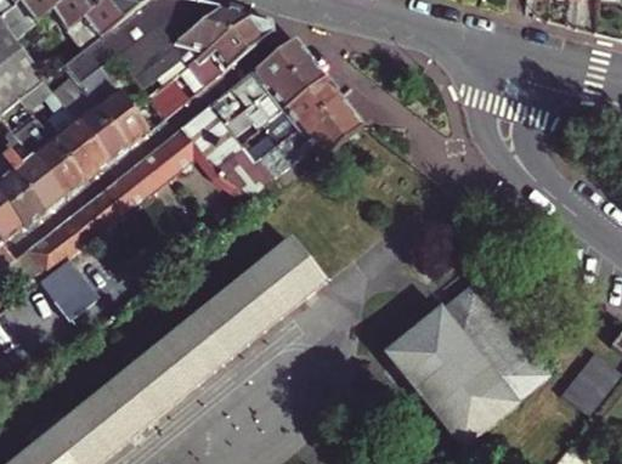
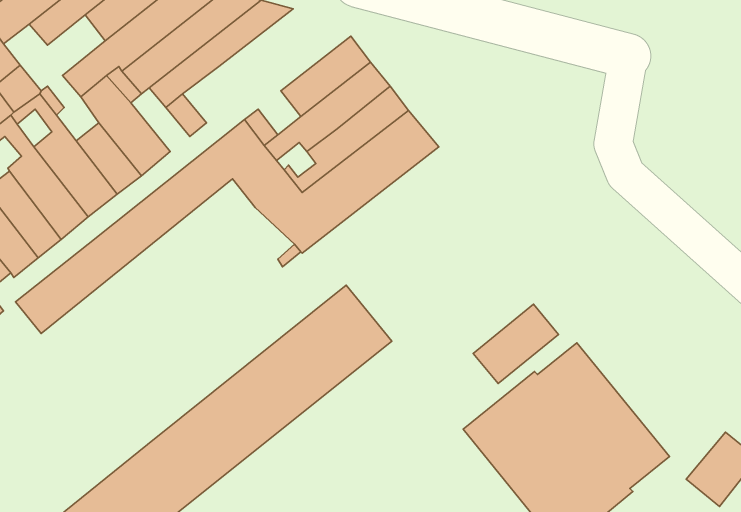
building: [188,13,270,81] -> none
building: none -> [473,304,559,384]
building: [41,253,104,317] -> none

